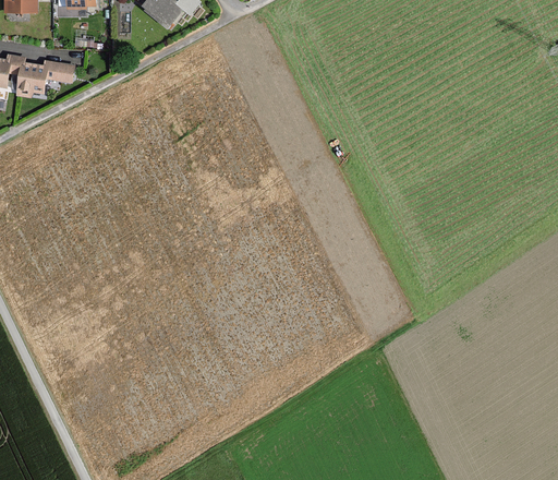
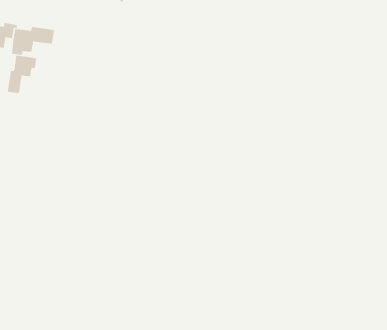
building: none -> [7,55,37,94]

